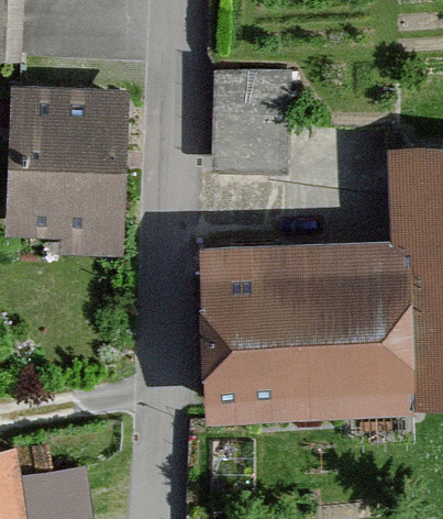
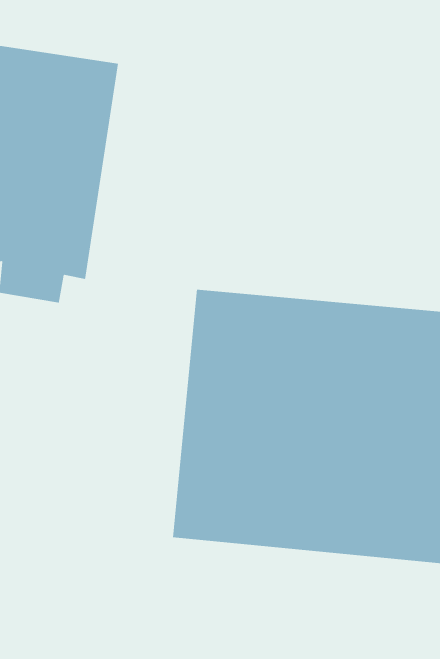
building: [202,79,291,179] -> none

